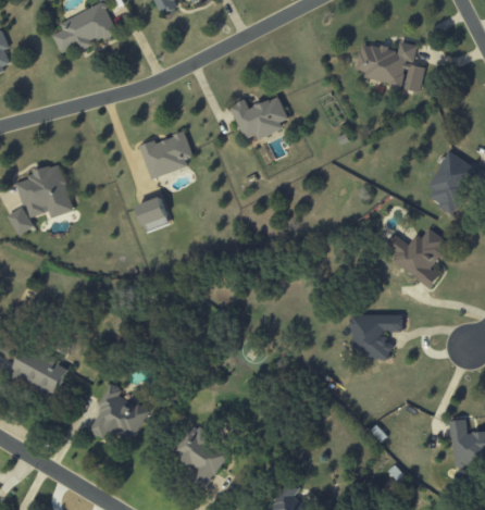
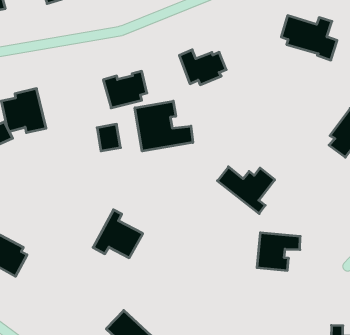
building: none -> [135,101,193,151]
building: [377,228,448,285] -> [217,167,275,214]
building: [88,383,148,440] -> [93,210,143,258]

